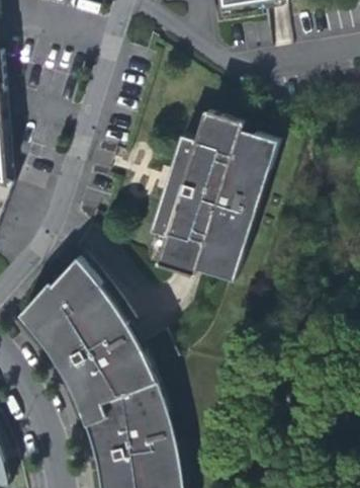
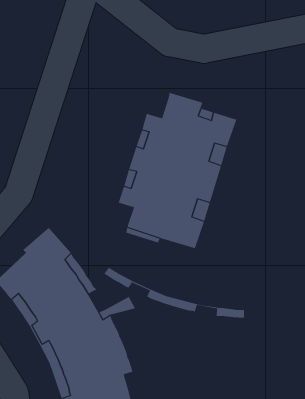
building: none -> [103,267,245,318]

